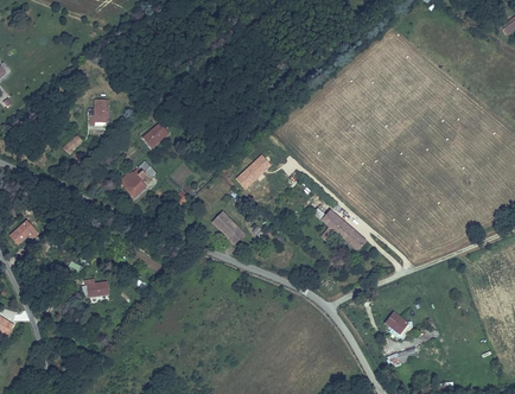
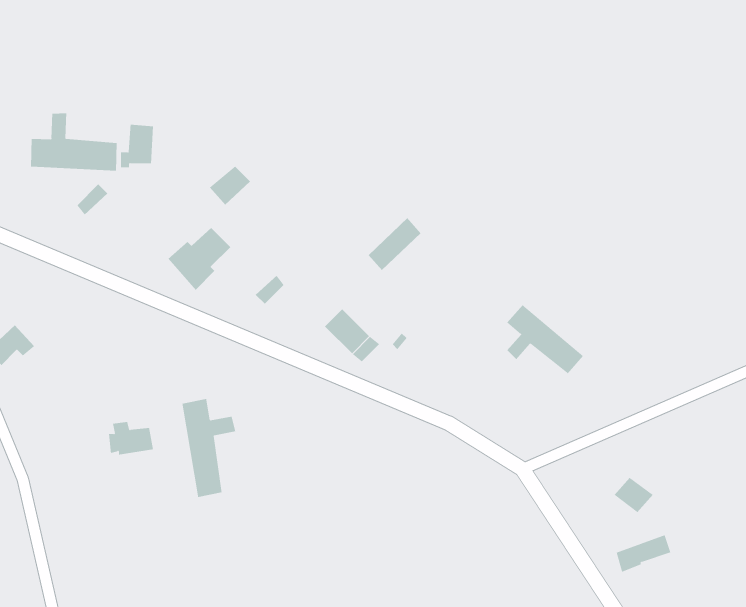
building: none -> [30,112,117,172]
building: none -> [182,398,236,498]

